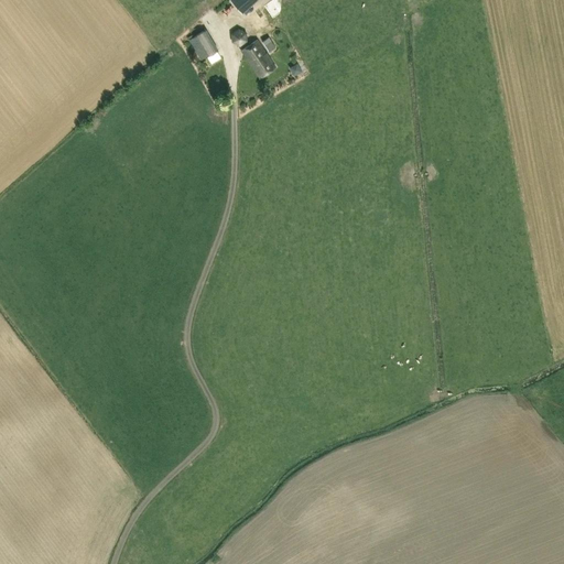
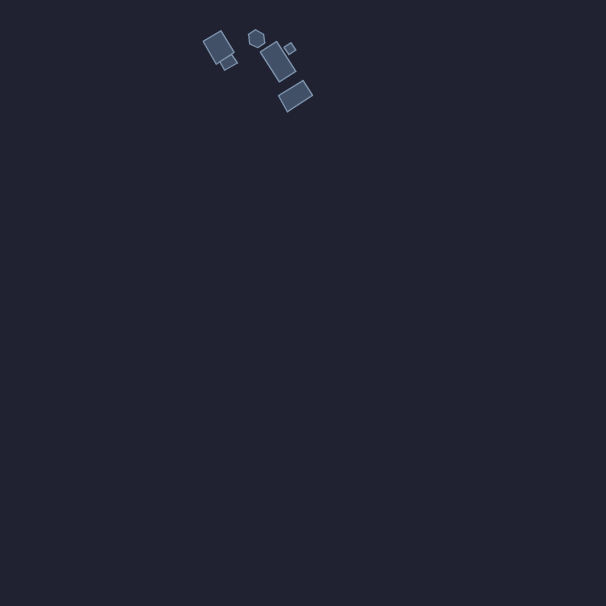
building: none -> [279,80,312,112]

